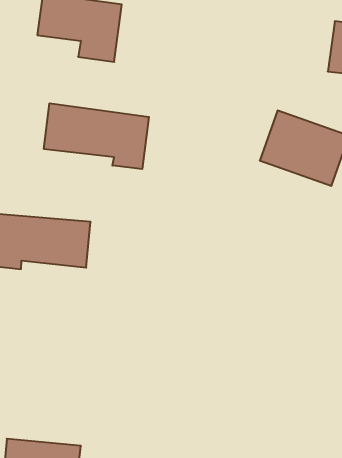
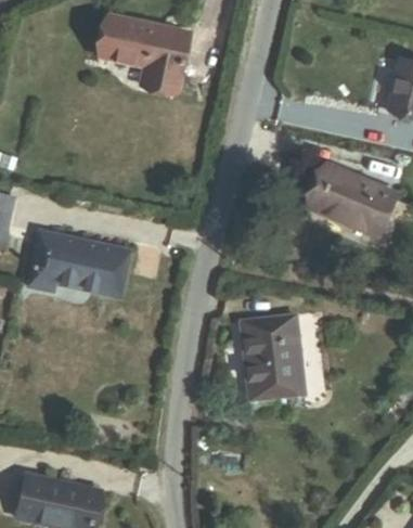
building: [44,103,149,169] -> none
building: none -> [241,312,309,416]

